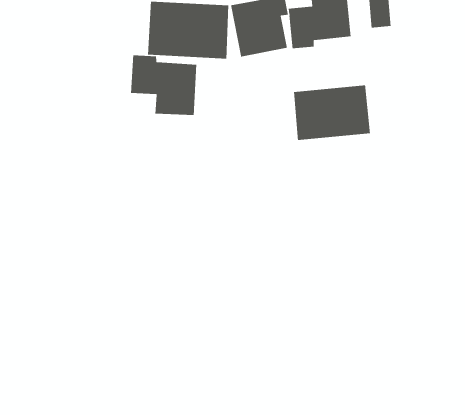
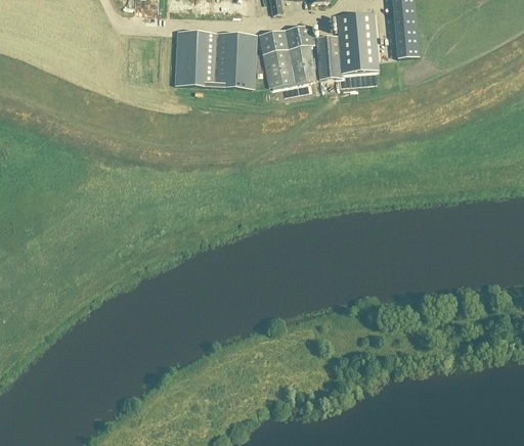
building: [130,55,197,116] -> none
building: [293,85,371,141] -> none

